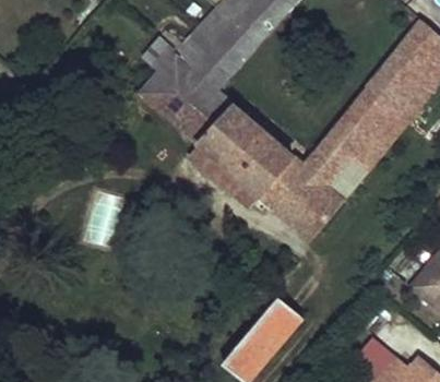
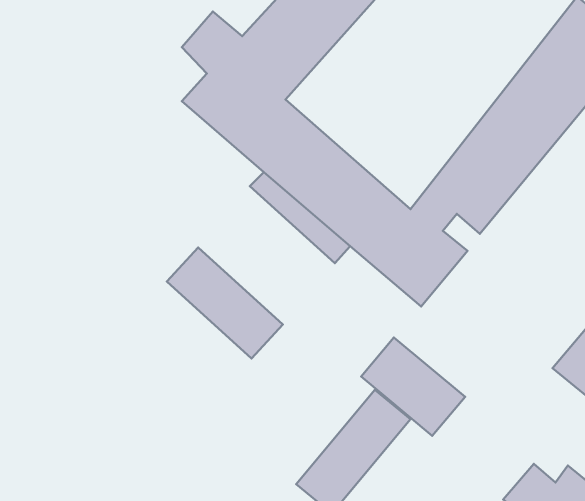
building: none -> [167,248,283,358]
building: none -> [361,338,465,436]

